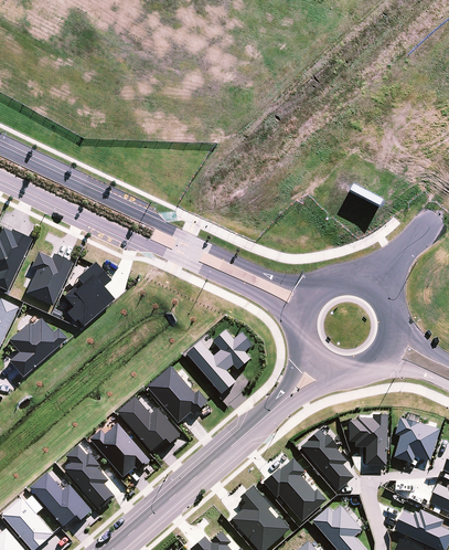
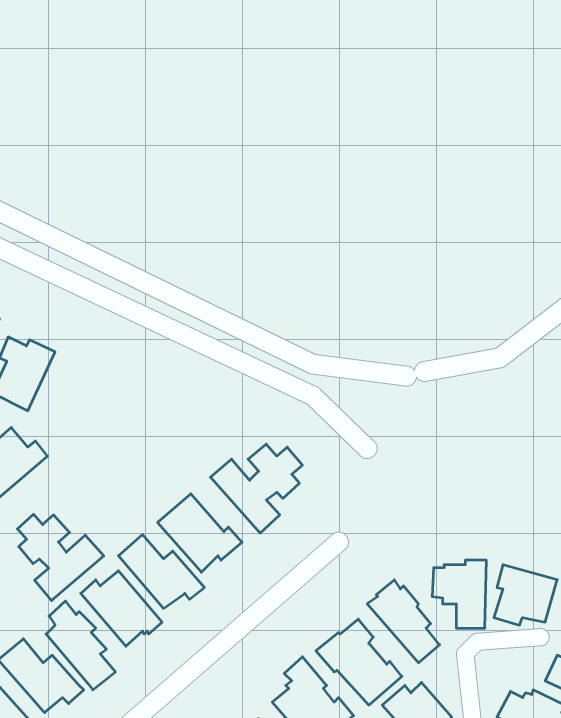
building: [63,261,114,326] -> none
building: none -> [17,514,104,601]

